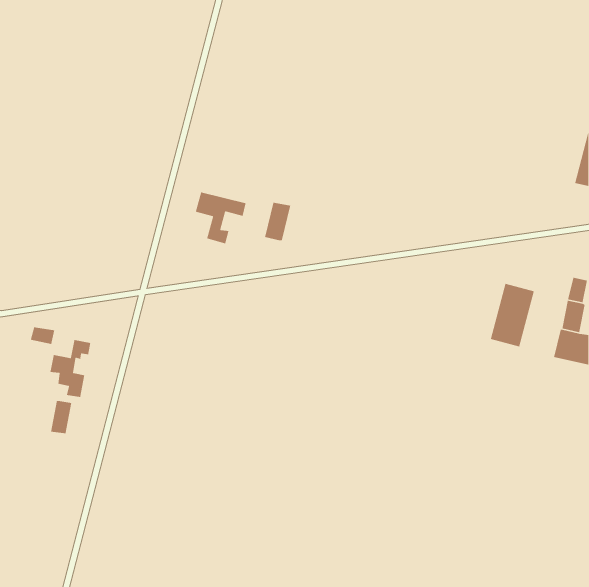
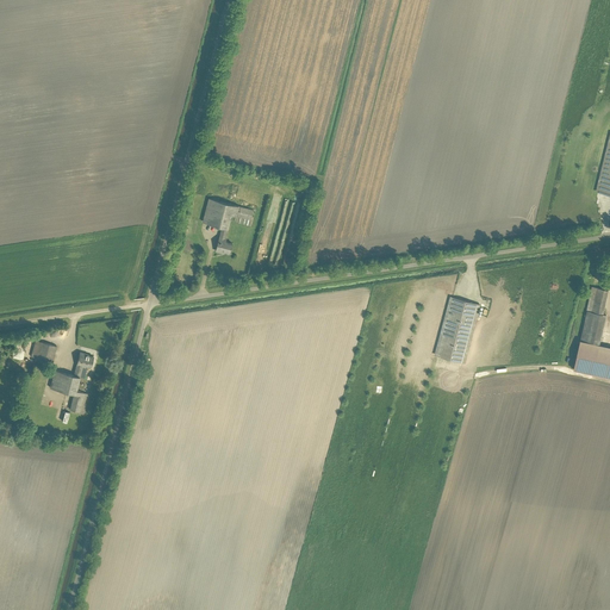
building: [264,202,291,241] -> none
building: [490,283,535,347] -> [434,295,480,362]
building: [50,400,72,434] -> none

